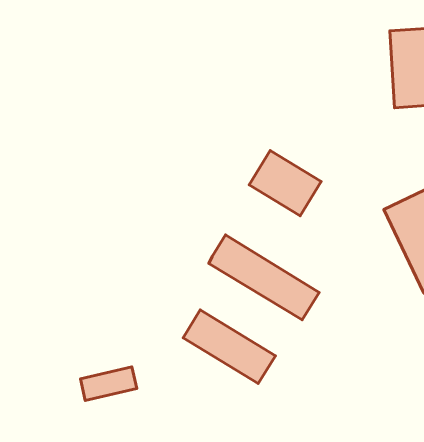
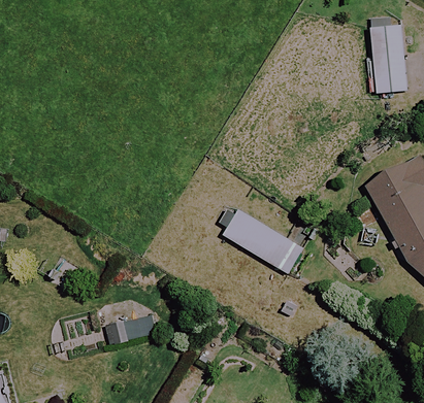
building: [249,150,321,216] -> none
building: [183,310,275,384] -> none

